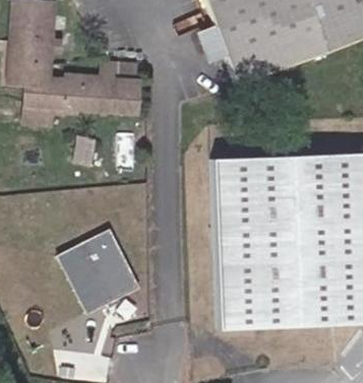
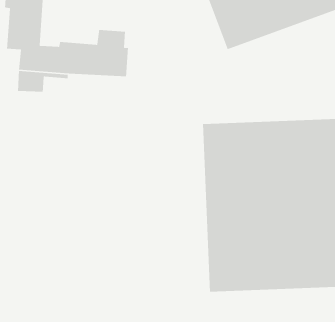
building: [63,233,137,311] -> none

